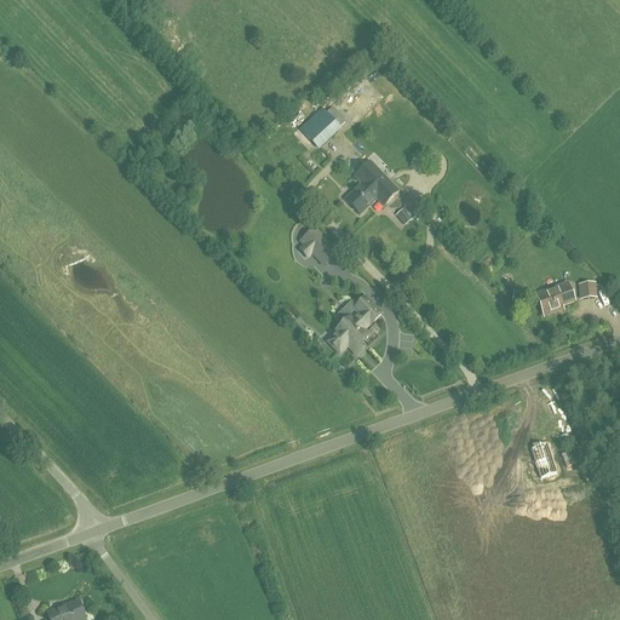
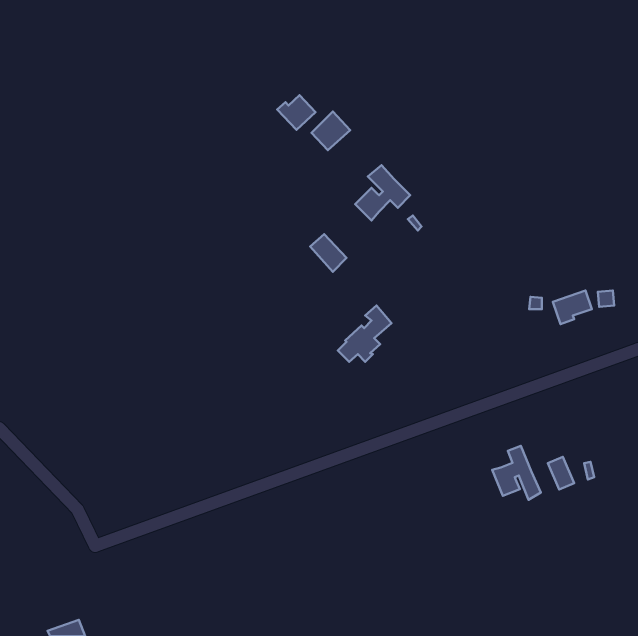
building: none -> [277,95,315,130]
building: none -> [492,446,541,500]

